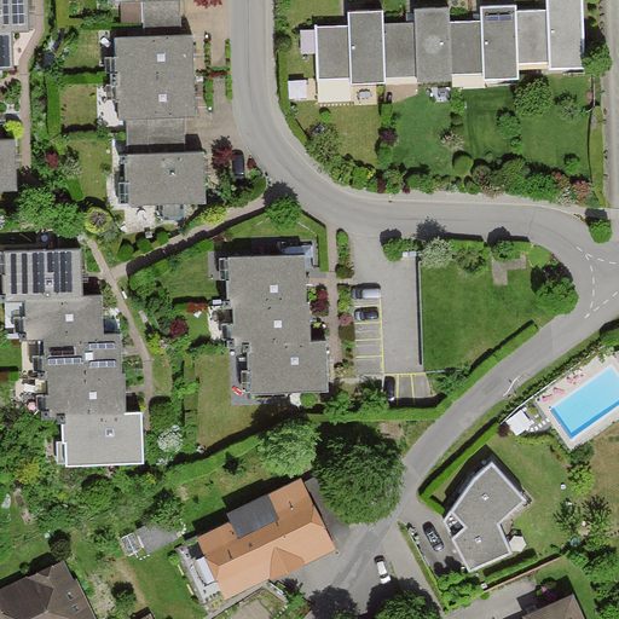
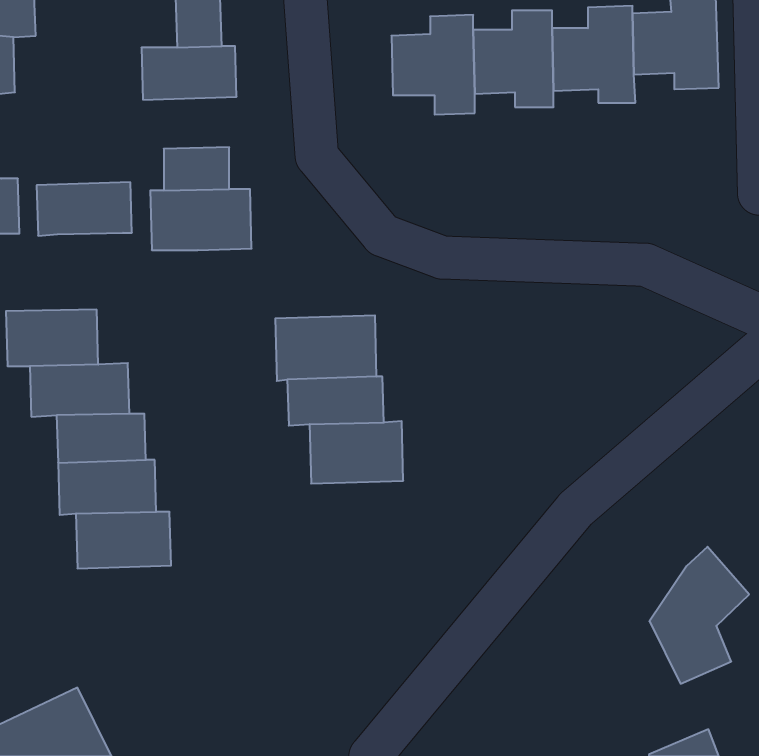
building: [116,79,193,122] -> [37,182,132,236]
building: [442,457,523,568] -> [649,547,749,684]
building: [193,484,332,602] -> none

